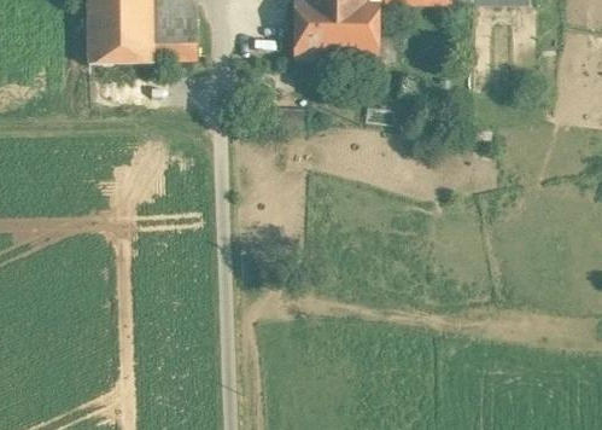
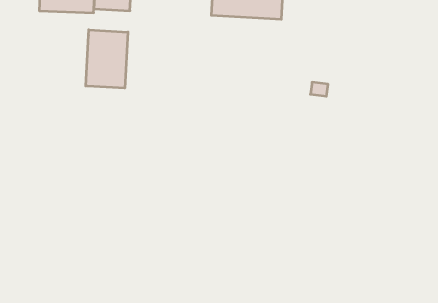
building: none -> [86,30,128,88]

